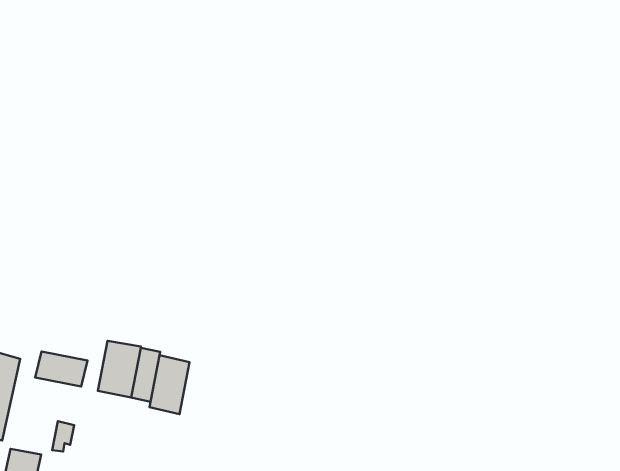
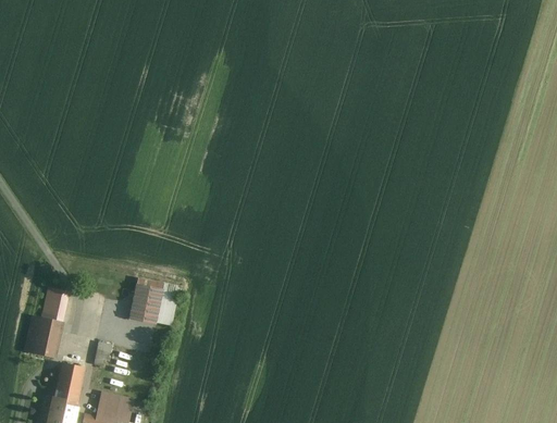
building: [35,352,88,387] -> none
building: [150,355,190,414] -> none

